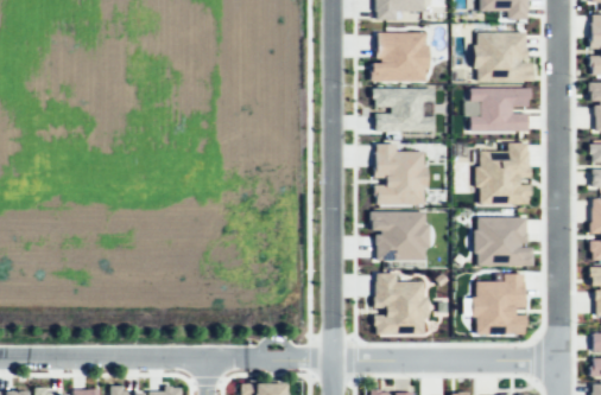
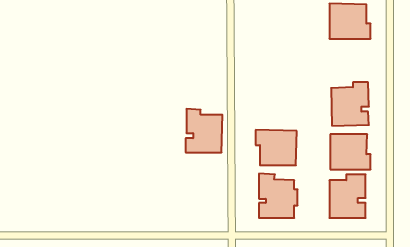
building: [372,31,429,82] -> none
building: [374,87,435,130] -> none
building: [472,87,531,132] -> none
building: [375,142,428,204] -> [186,109,222,152]

